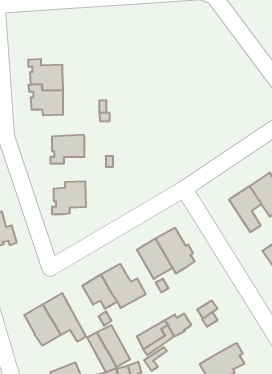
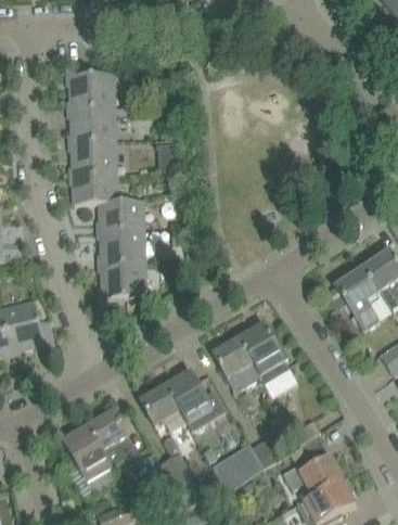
building: none -> [66,64,113,106]
building: none -> [68,165,115,202]
building: none -> [98,228,143,270]
building: none -> [282,453,341,494]

